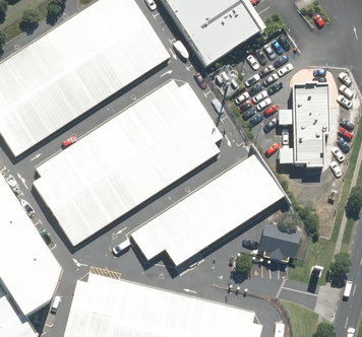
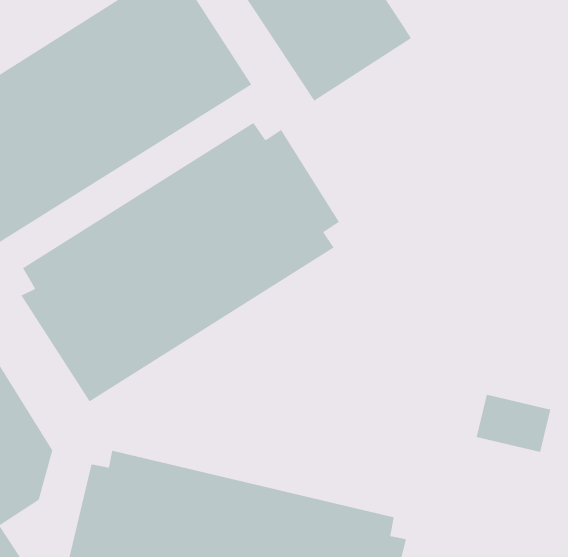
building: [294,84,328,167] -> none
building: [131,152,288,267] -> none
building: [257,222,302,257] -> [476,394,551,453]

